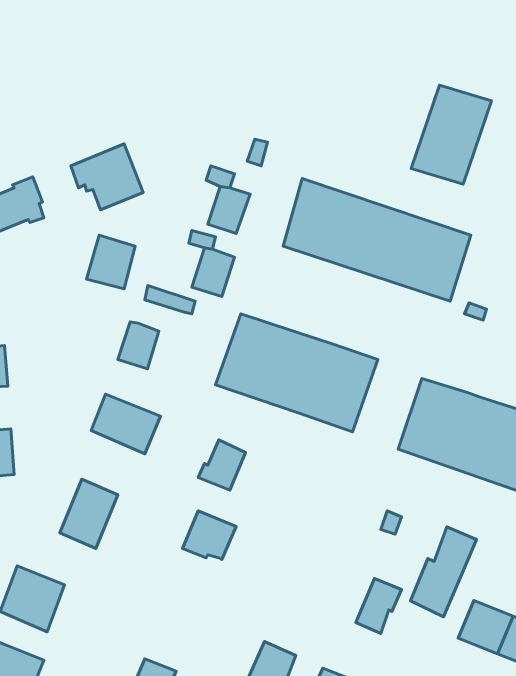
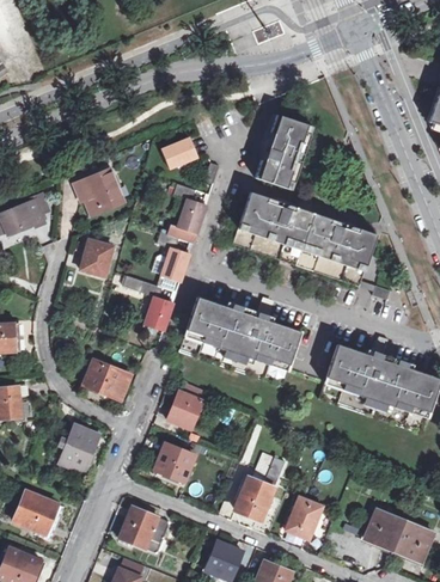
building: [411,85,491,184] -> [248,115,308,190]
building: none -> [155,136,194,170]
building: [118,322,159,369] -> [143,294,175,330]
building: [411,527,477,617] -> [230,455,280,523]
building: none -> [116,508,167,555]

